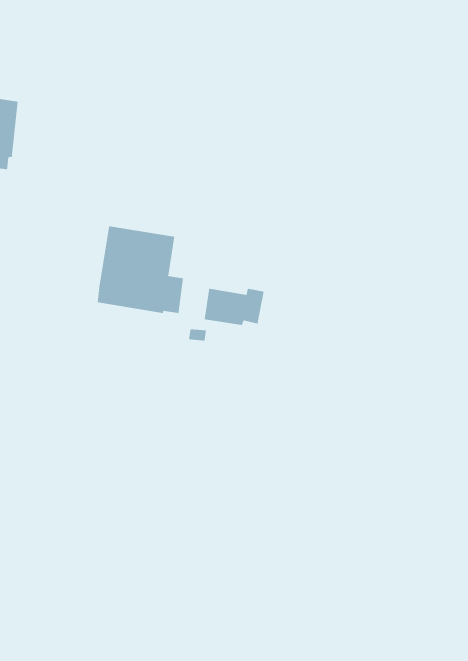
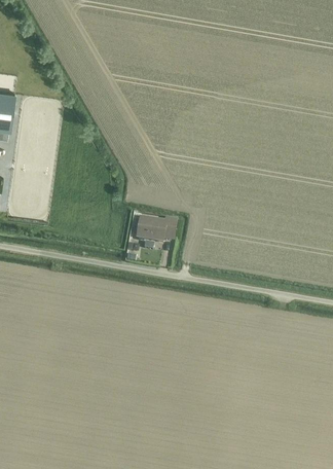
building: [97,225,183,314] -> none

